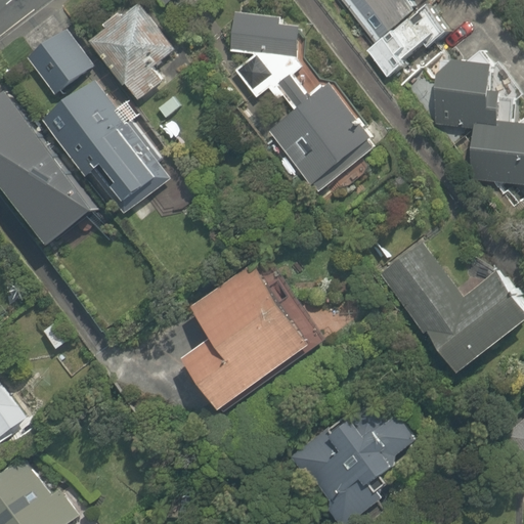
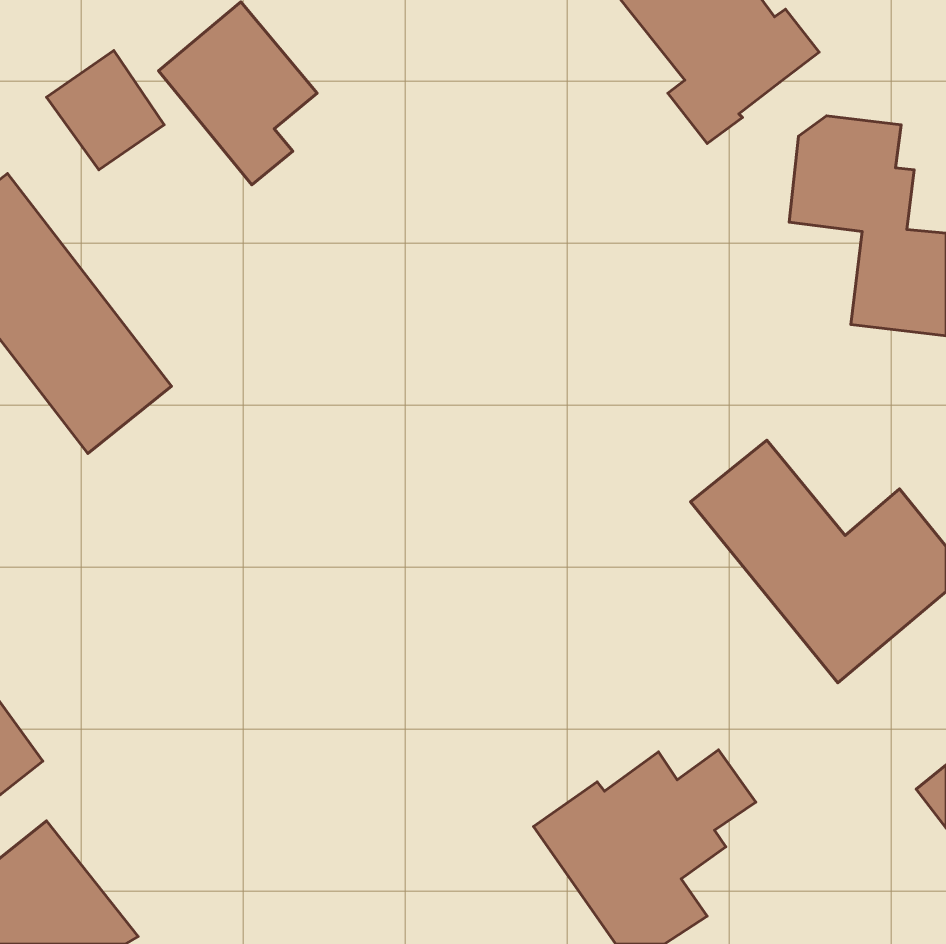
building: [229,11,368,184] -> none
building: [47,84,164,204] -> none
building: [182,254,324,408] -> none

